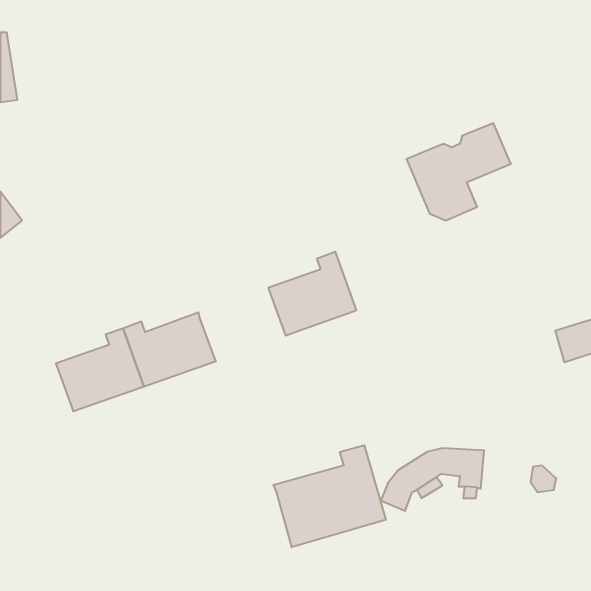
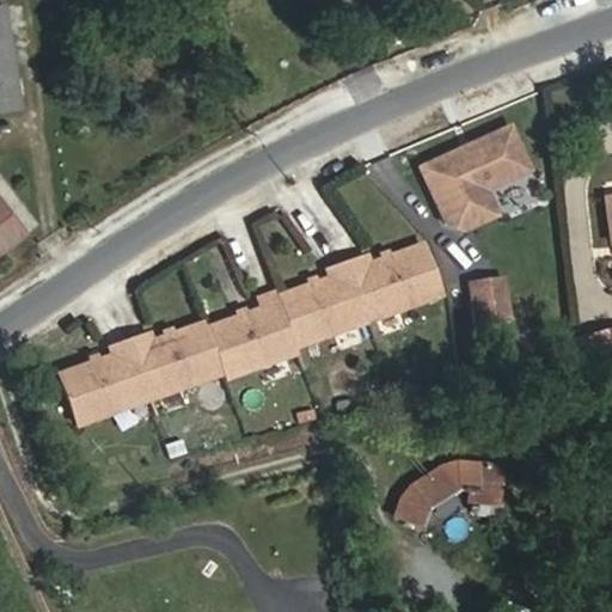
building: none -> [348,244,441,319]
building: none -> [463,270,513,326]
building: none -> [208,292,299,377]
building: [274,445,386,547] -> none

